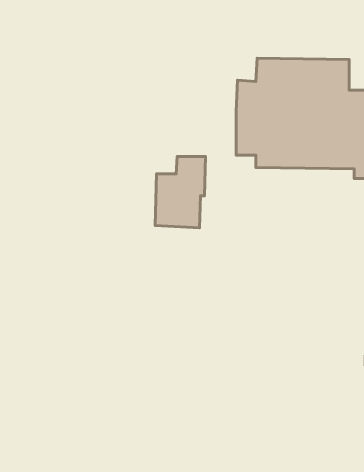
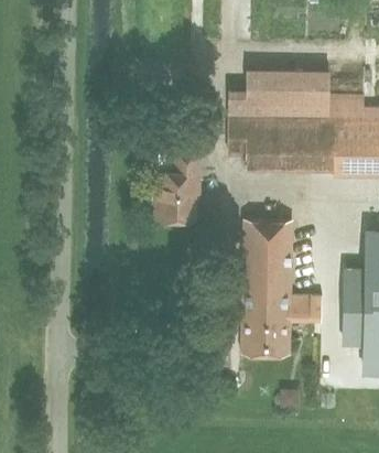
building: none -> [242,220,322,355]

